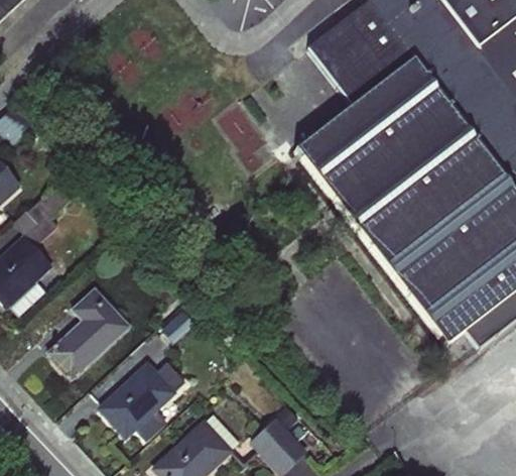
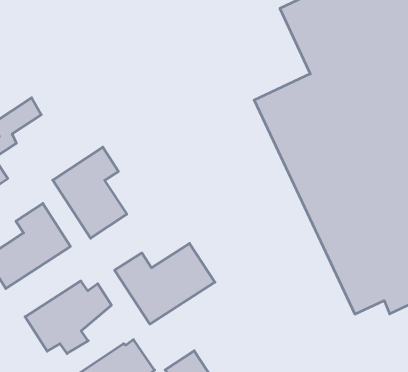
building: none -> [53,147,127,238]
building: none -> [115,243,215,324]

